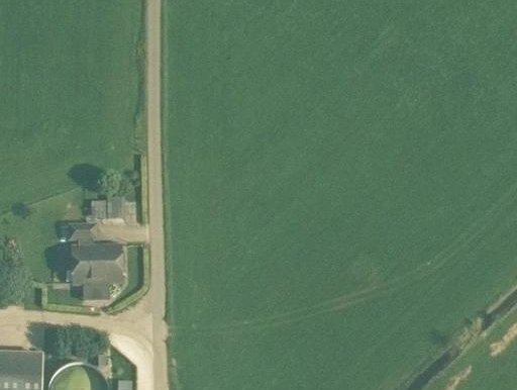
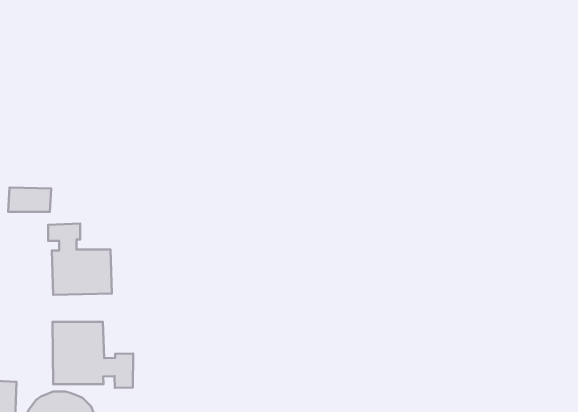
building: [95,196,130,216] -> [8,187,51,212]
building: none -> [53,322,133,388]

